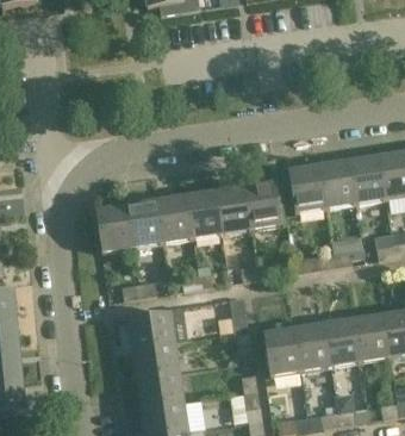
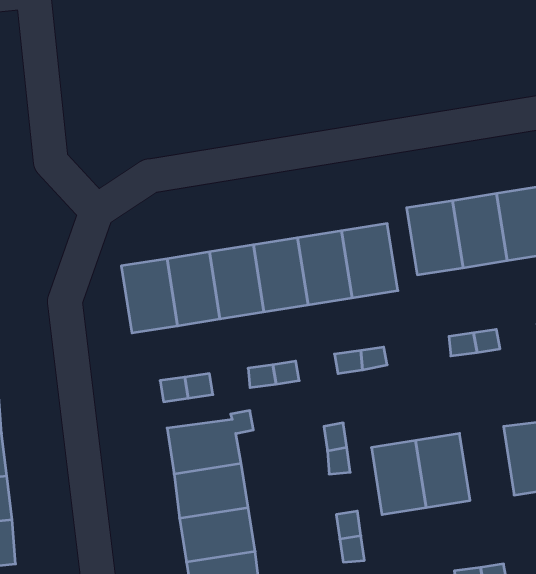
building: [324,316,361,366] -> none

